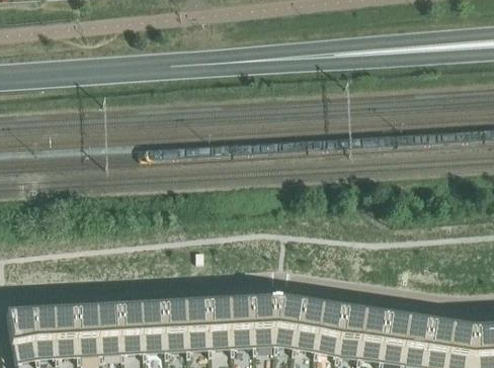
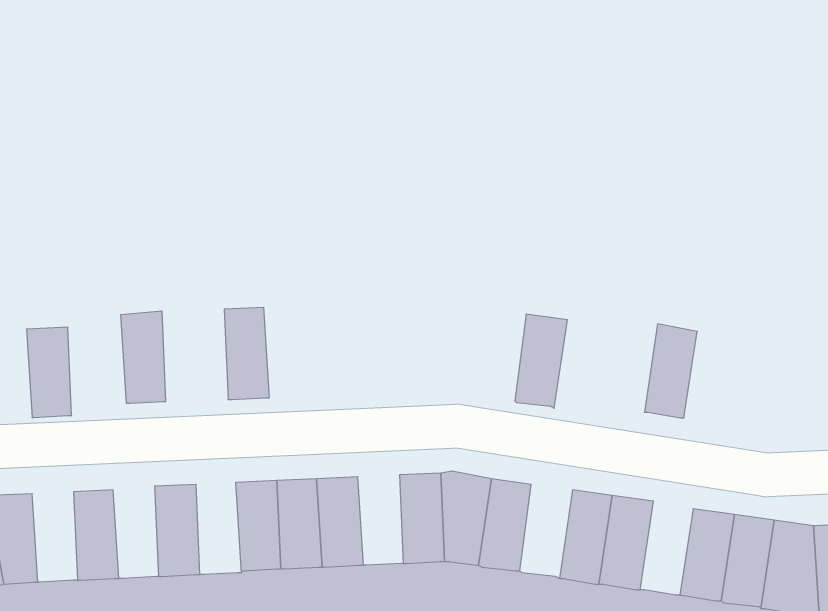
building: [229,293,253,342] -> none
building: [142,297,166,347] -> [224,307,269,400]
building: [316,298,344,349] -> [515,314,567,408]
building: [97,299,121,349] -> [121,311,166,403]
building: [54,302,78,351] -> [26,327,72,417]
building: [381,307,409,358] -> [644,324,697,418]

